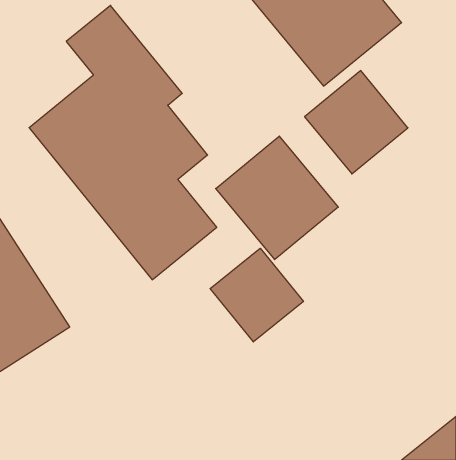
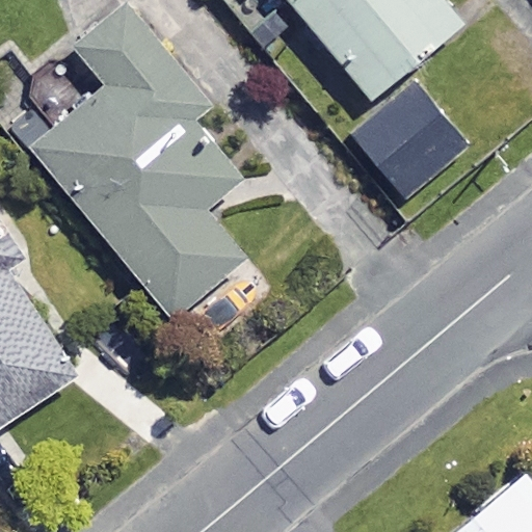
building: [216,136,338,260] -> none
building: [210,248,303,342] -> none

